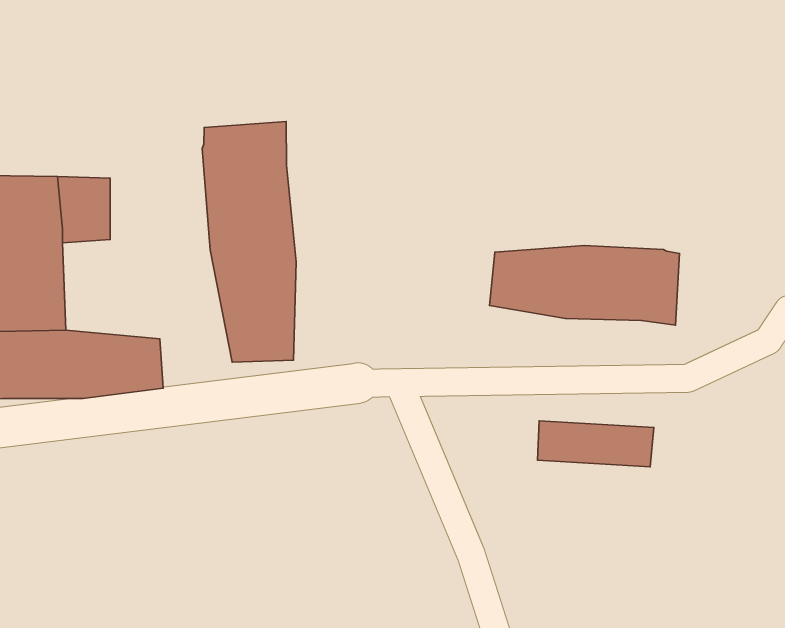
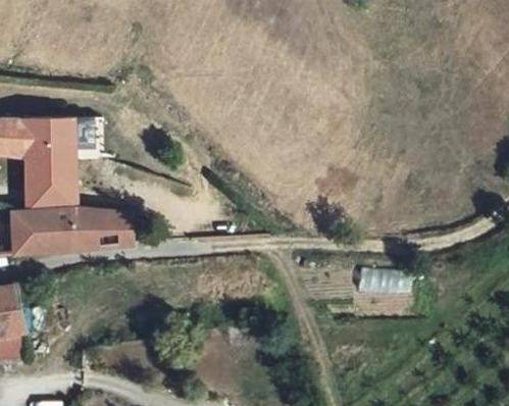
building: [202,121,296,362] -> none
building: [490,245,680,325] -> none

